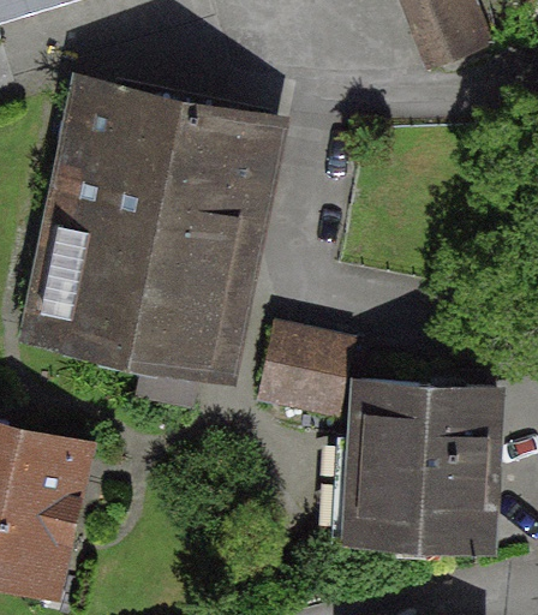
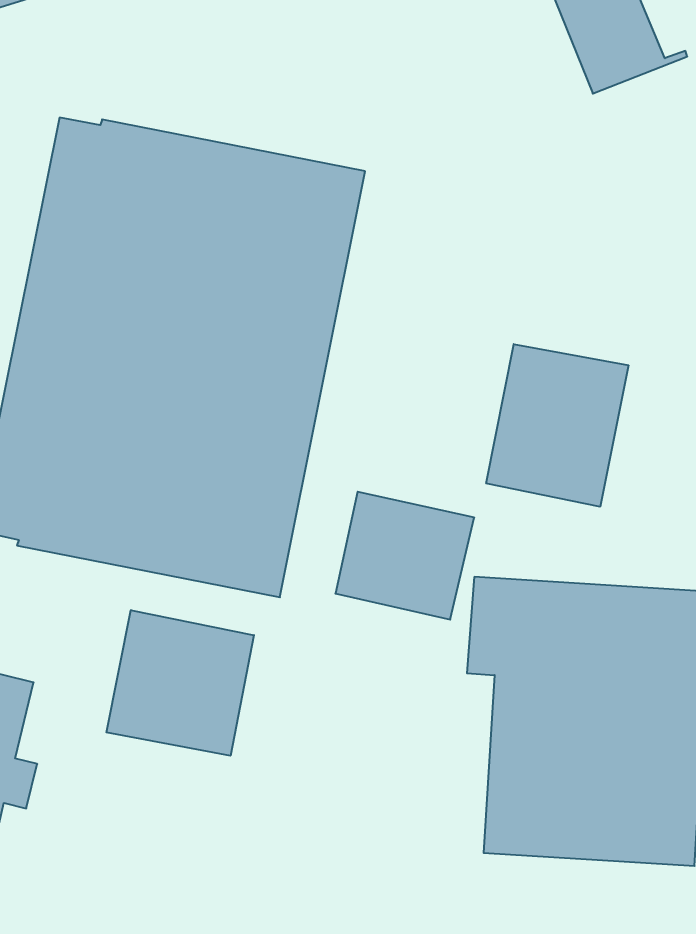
building: none -> [486,344,628,507]
building: none -> [106,610,254,756]

